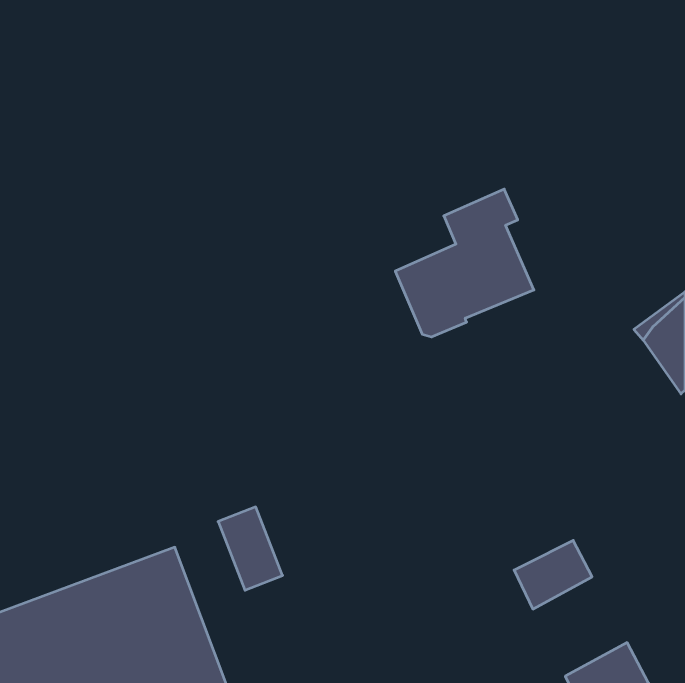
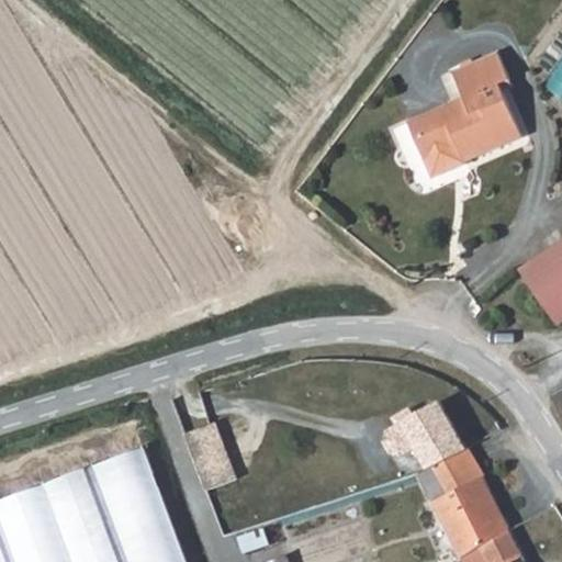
building: [395,189,534,337] -> [404,55,517,176]
building: none -> [385,396,468,464]
building: none -> [435,474,512,555]

